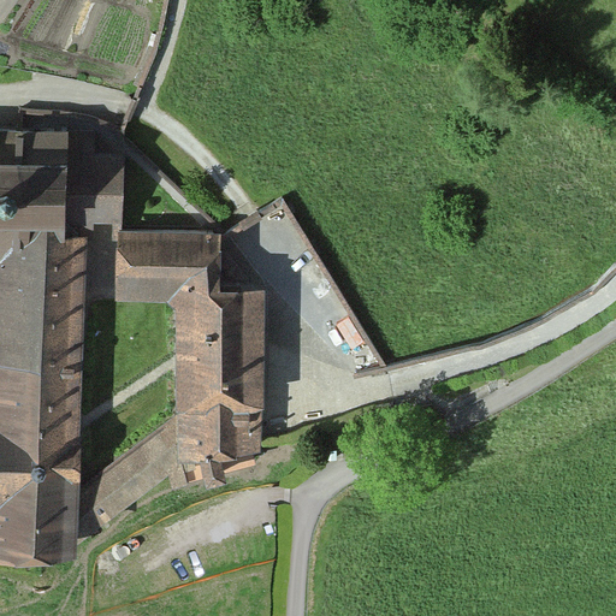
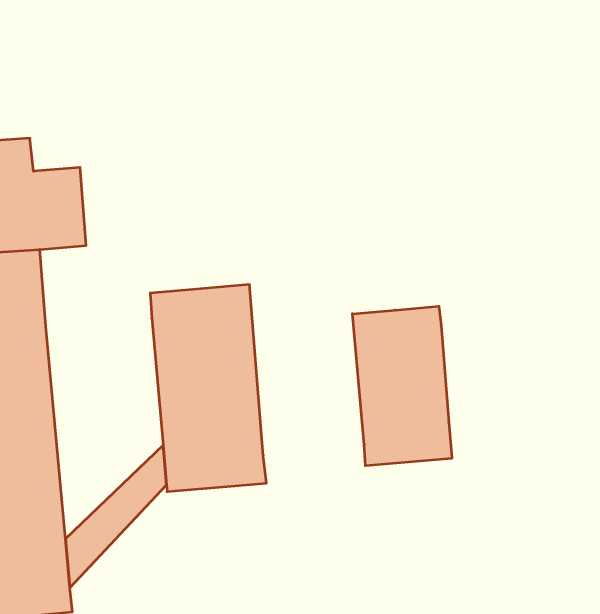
building: [78,230,221,303] -> none
building: none -> [352,306,452,466]

